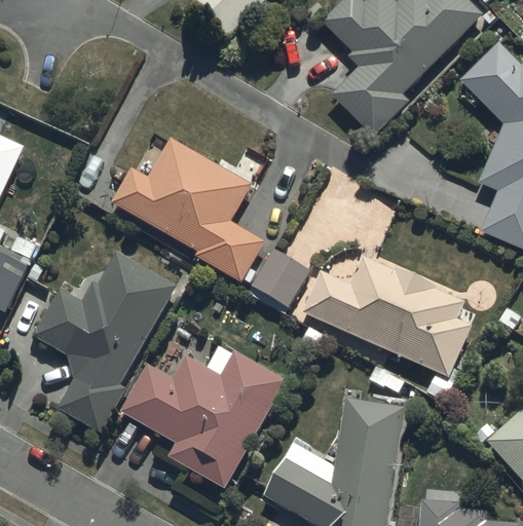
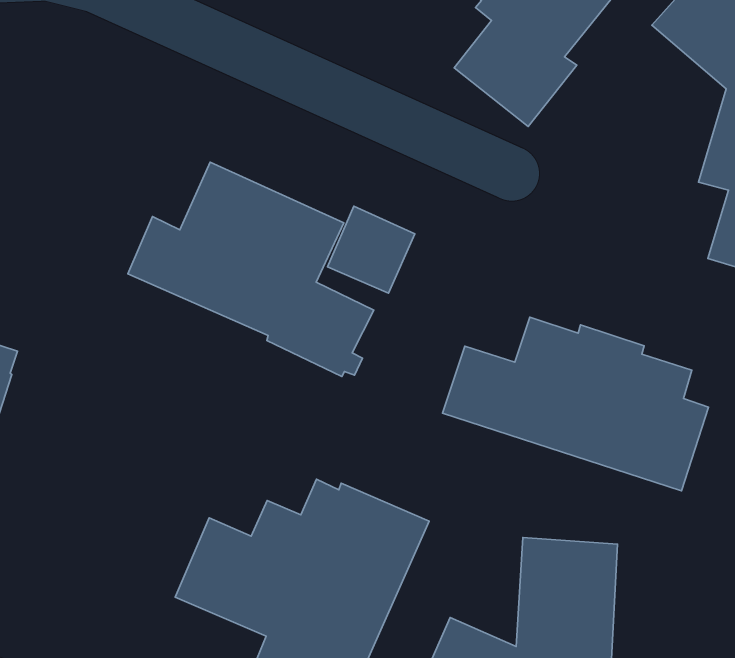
building: [252,249,309,306] -> [328,206,415,293]
building: [34,251,176,431] -> none

